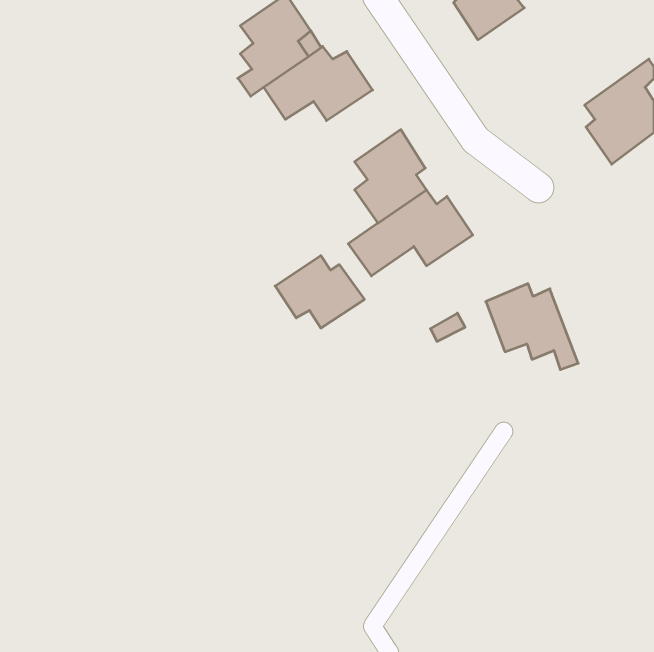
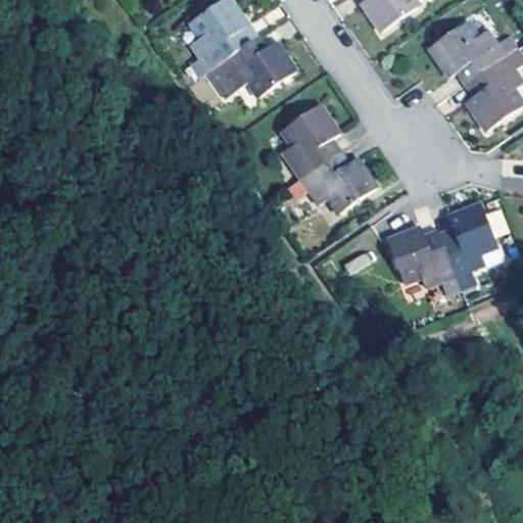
building: none -> [428,22,516,84]
building: none -> [438,203,500,289]
building: [275,256,364,328] -> none

